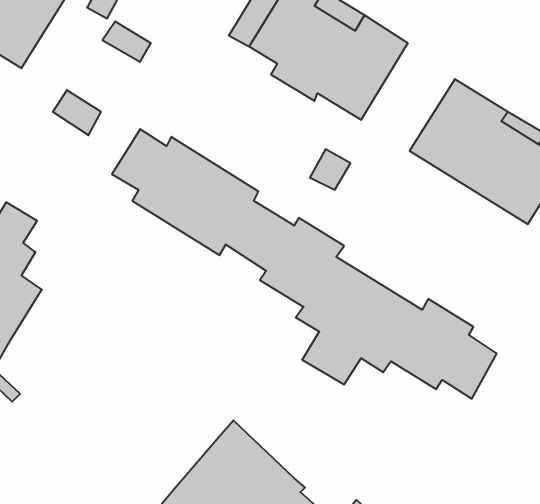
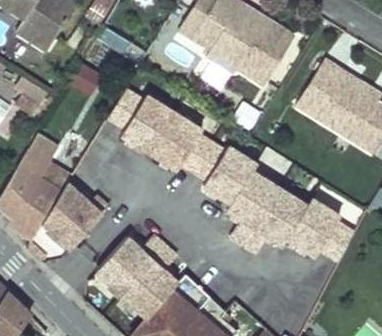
building: none -> [41,172,118,248]
building: none -> [93,236,176,320]

